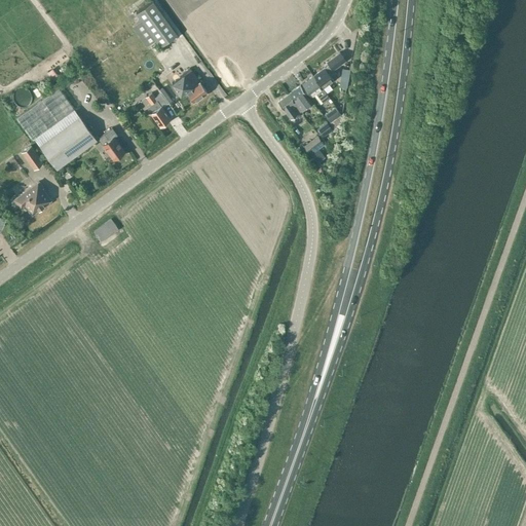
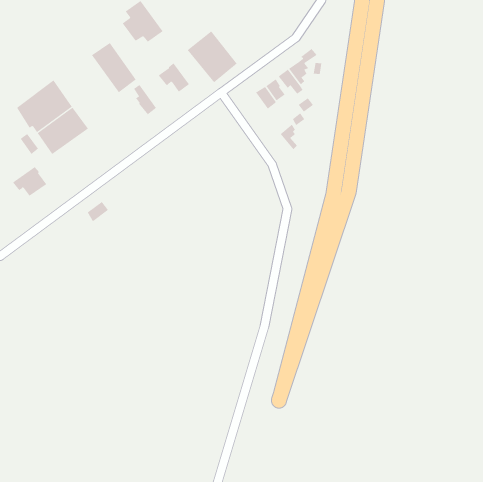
building: none -> [187,31,237,83]
building: none -> [91,42,137,93]
building: [98,127,124,160] -> none

